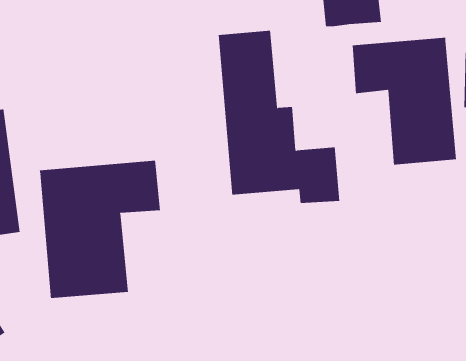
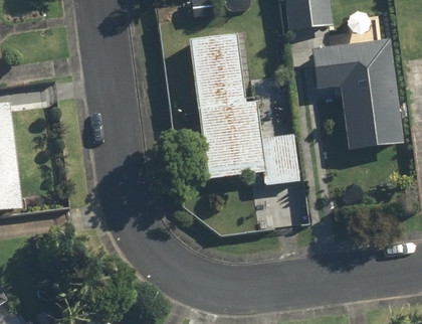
building: [39,160,161,299] -> none

